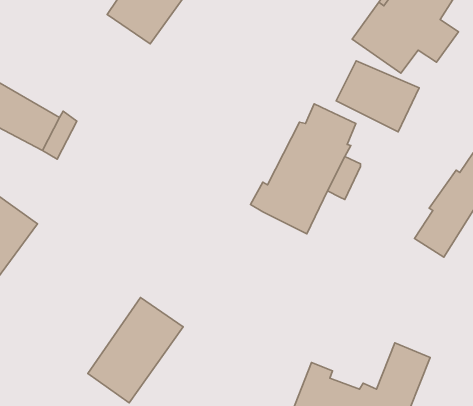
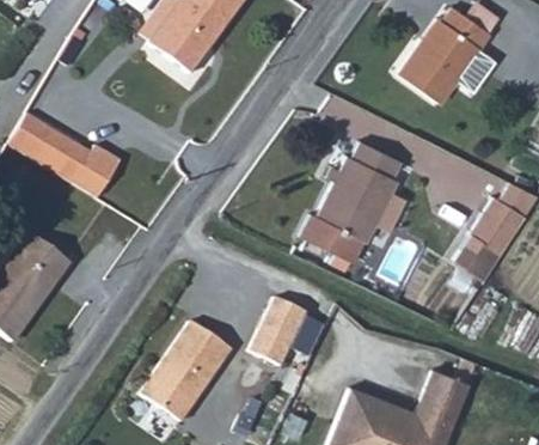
building: [336,61,419,132] -> none
building: none -> [246,298,302,365]

